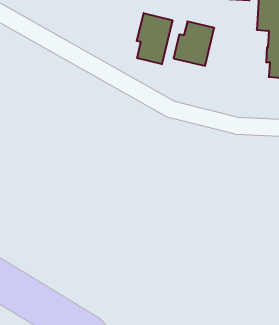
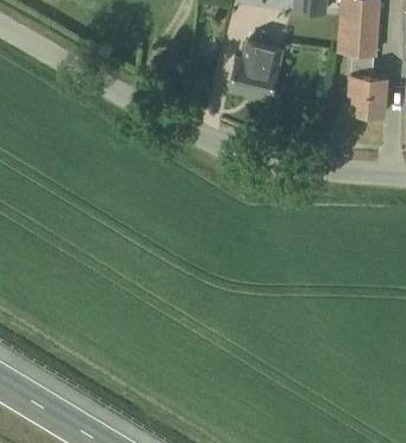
building: [137,13,172,64] -> none

